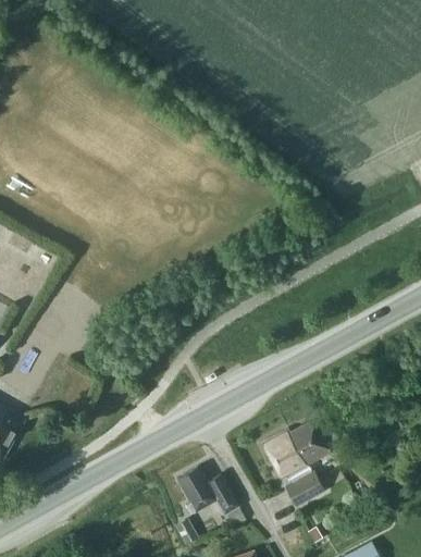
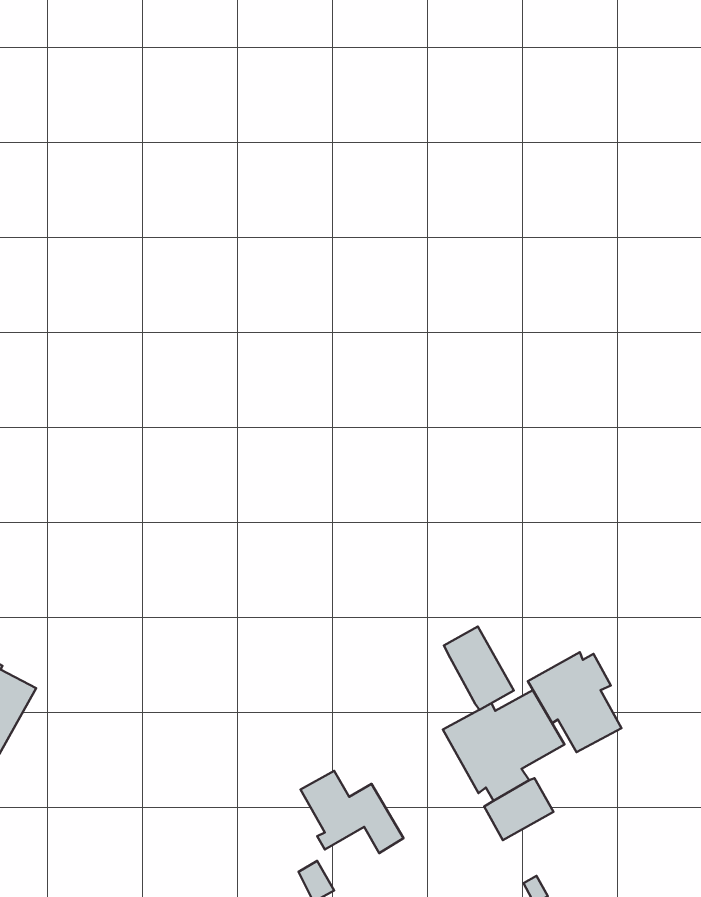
building: none -> [444,626,514,710]
building: none -> [528,652,622,752]

